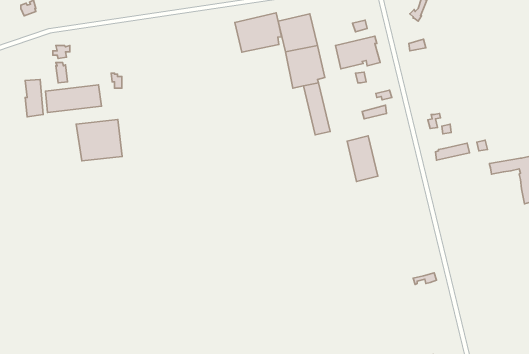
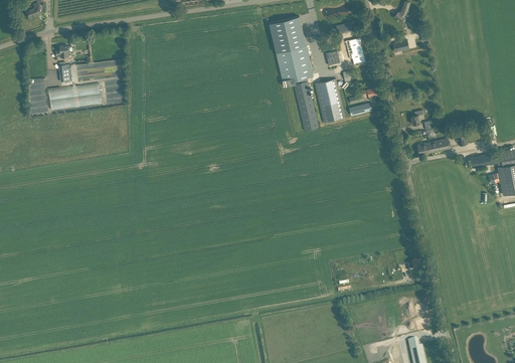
building: [235,13,282,52] -> none
building: [76,119,122,161] -> none
building: [347,136,378,181] -> [315,78,344,122]

